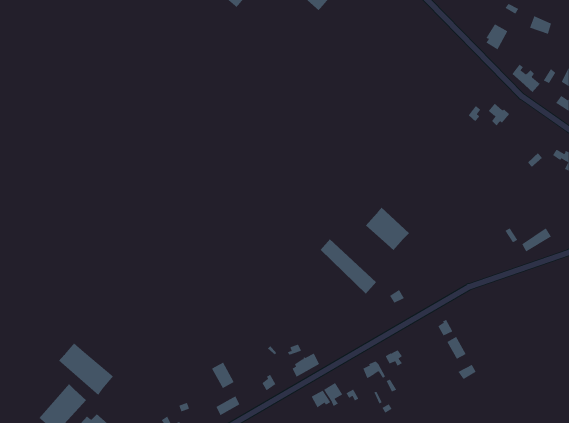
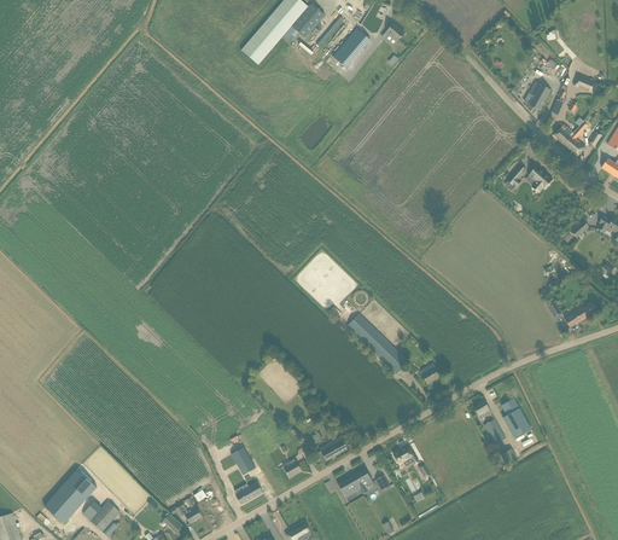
building: [365,207,410,251] -> none
building: none -> [502,397,531,437]
building: [58,342,114,396] -> none

